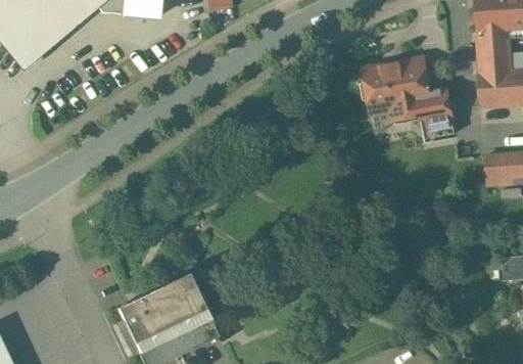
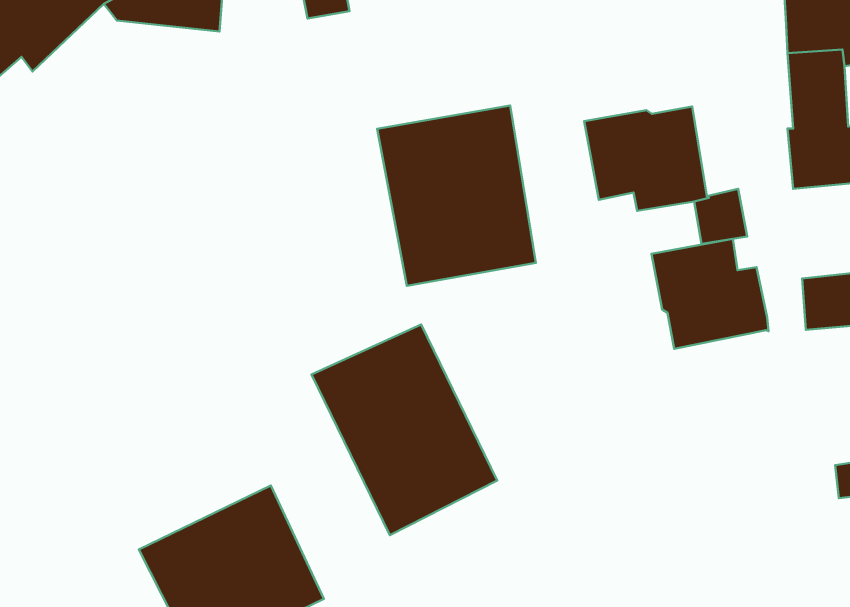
building: none -> [377,105,536,286]
building: none -> [651,239,769,349]
building: none -> [312,324,497,535]

